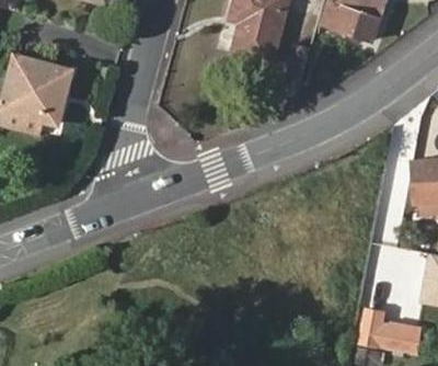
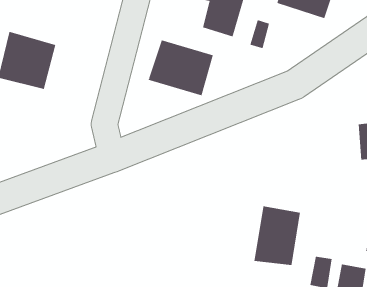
building: none -> [147,39,214,96]
building: none -> [254,206,300,266]

